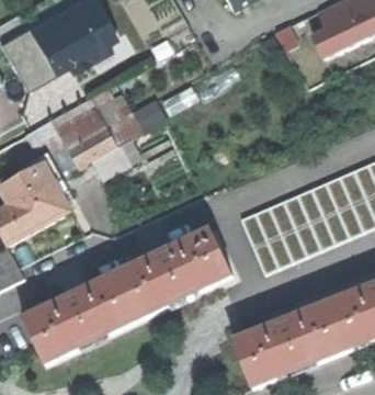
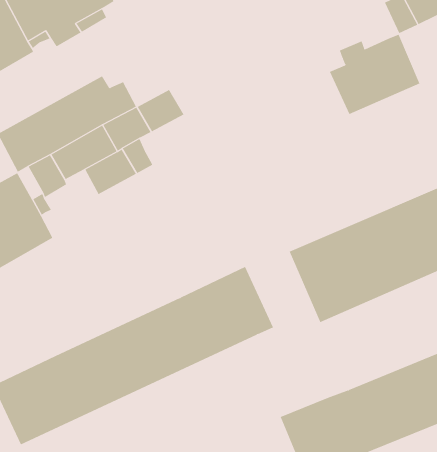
building: none -> [329,34,420,115]

